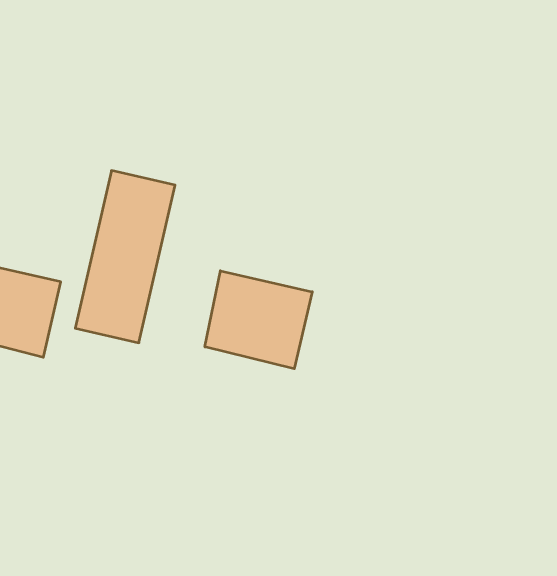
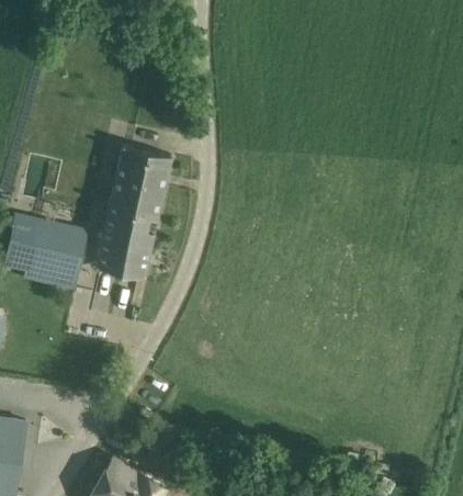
building: [205,271,312,369] -> none

